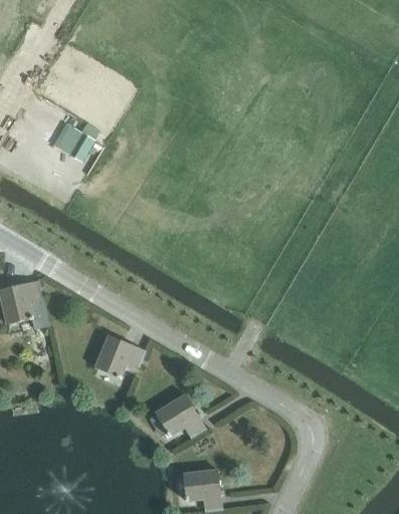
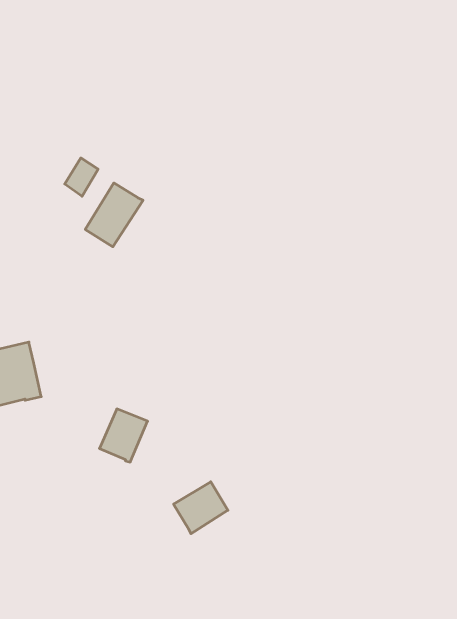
building: none -> [85,183,143,247]
building: [184,469,221,500] -> none

